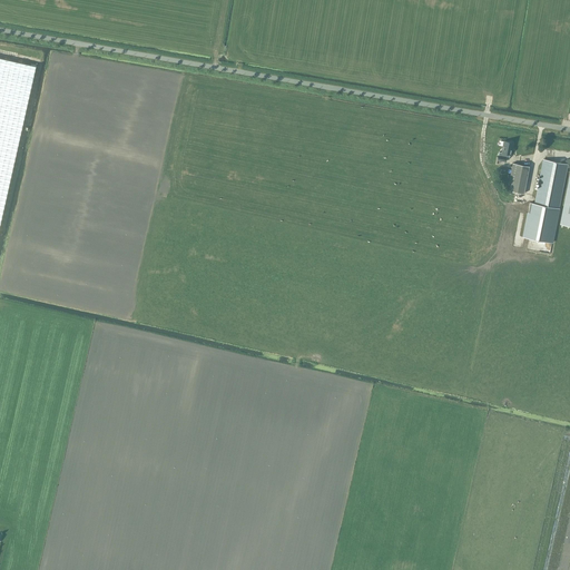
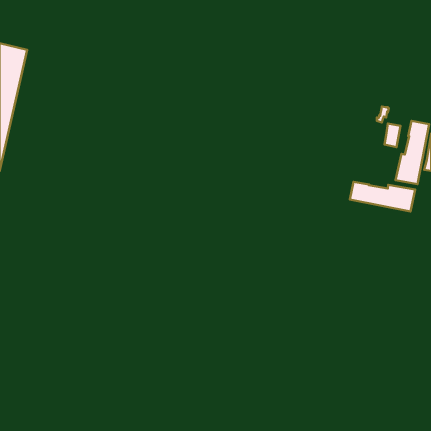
building: none -> [350,182,415,212]

